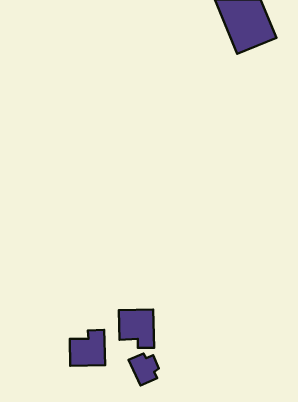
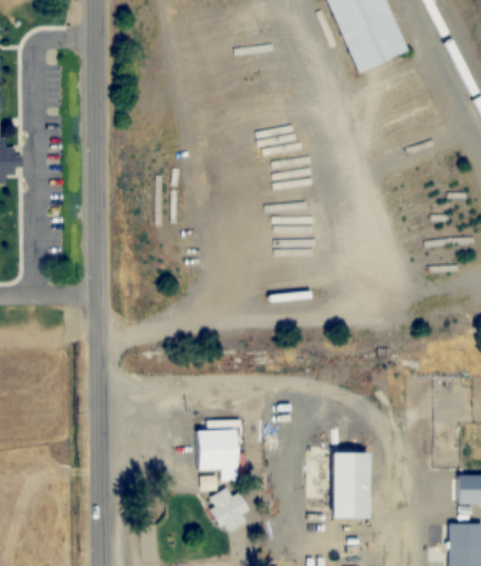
building: none -> [328,451,369,518]
building: [70,330,105,366] -> none

